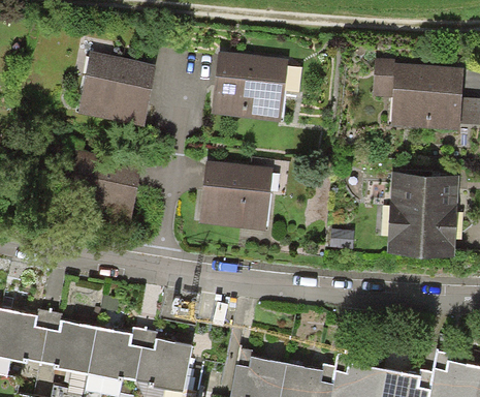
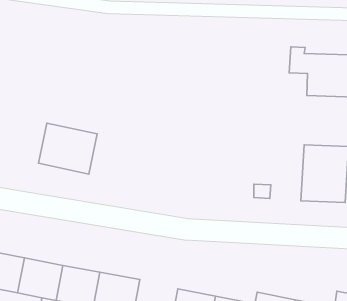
building: [82,52,154,117] -> none
building: [216,54,288,118] -> none
building: [199,166,265,222] -> none

